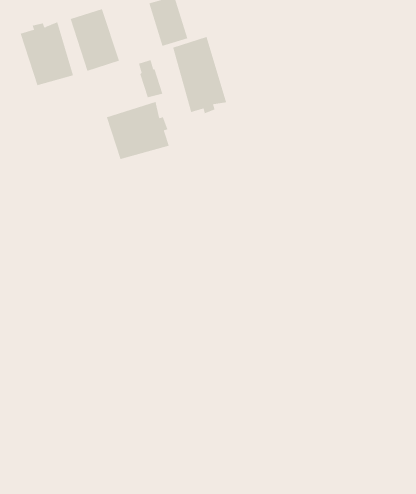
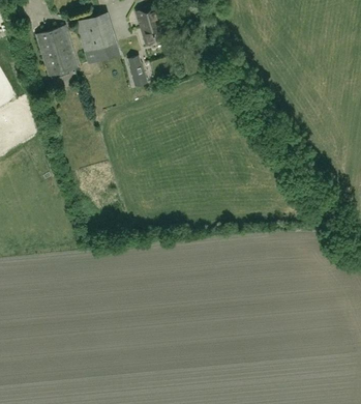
building: [172,36,227,114] -> none
building: [106,101,169,160] -> none

